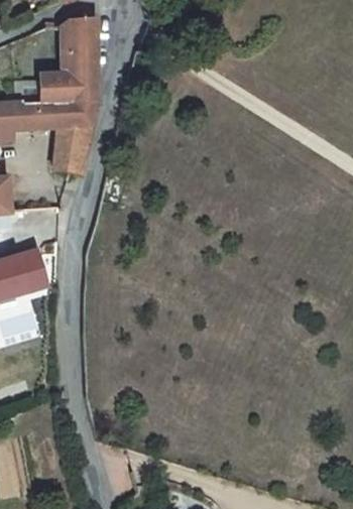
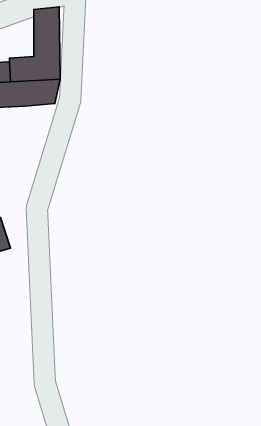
building: [54,124,92,173] -> none

